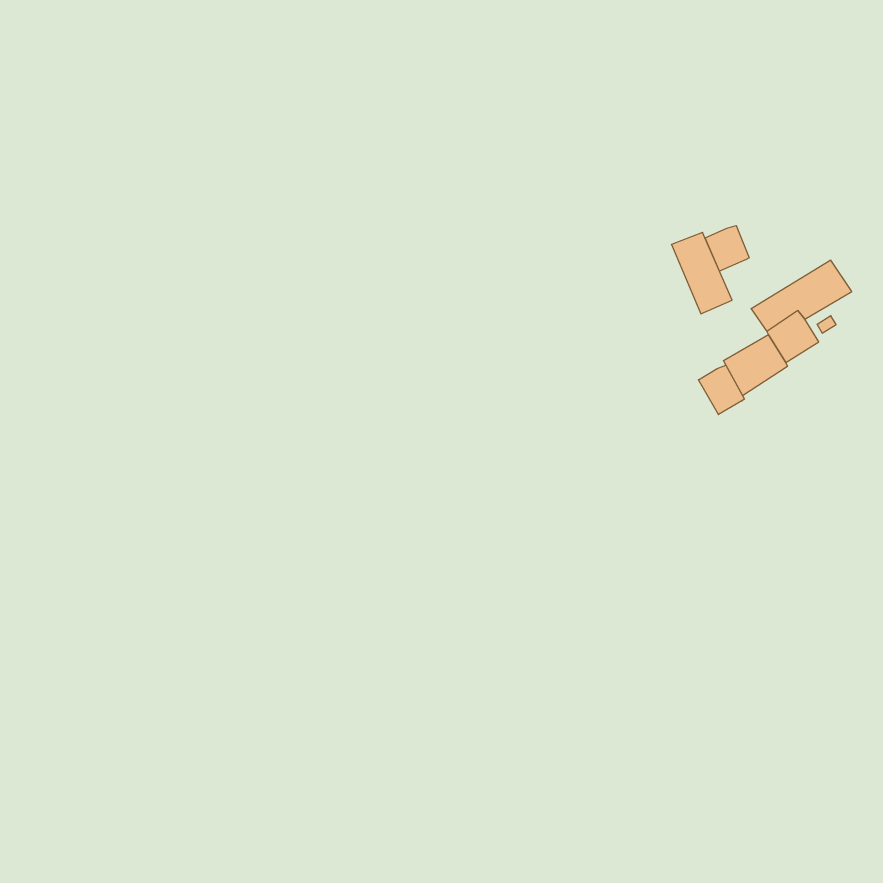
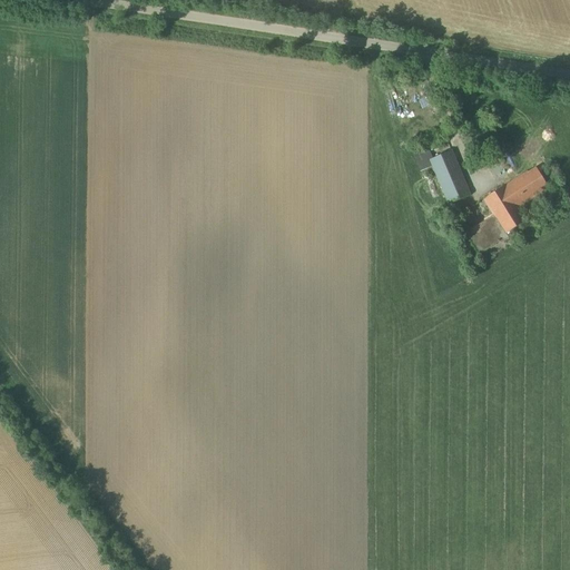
building: [705,226,749,271] -> none
building: [698,365,744,415] -> none

